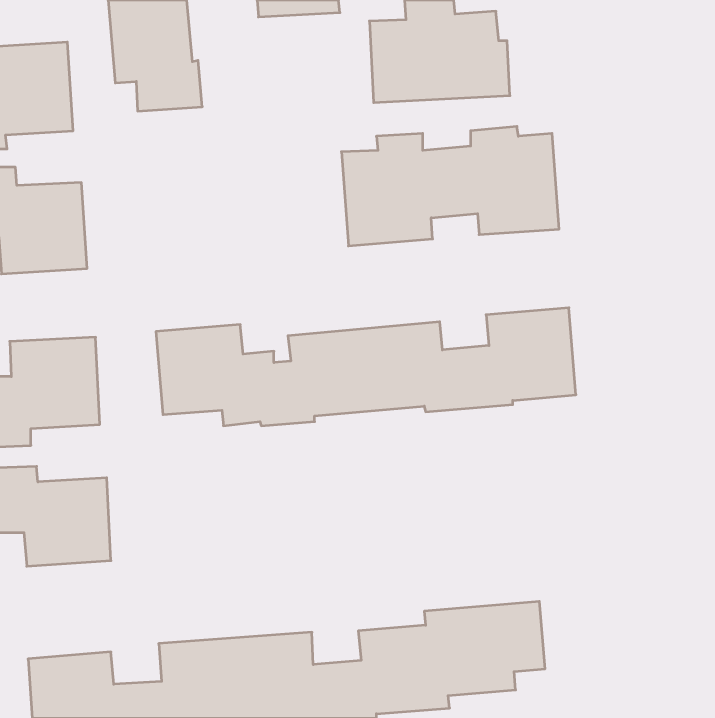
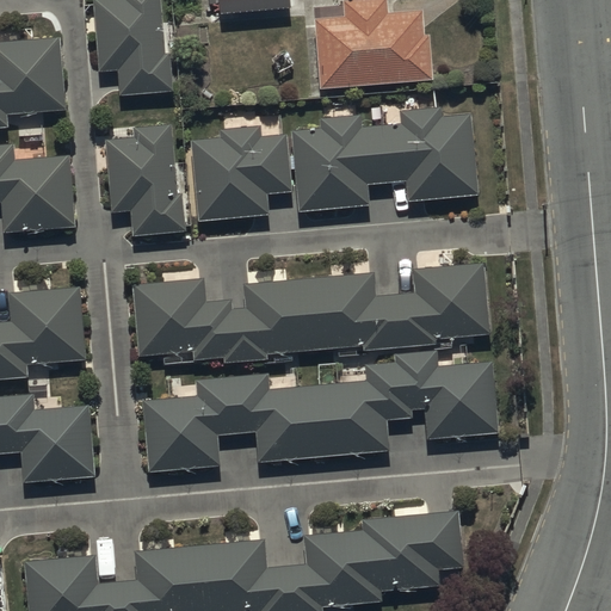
building: none -> [95,124,185,234]
building: none -> [190,125,289,221]
building: none -> [143,351,499,473]

